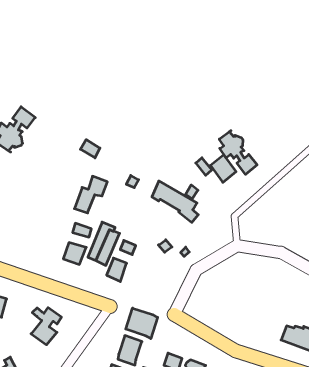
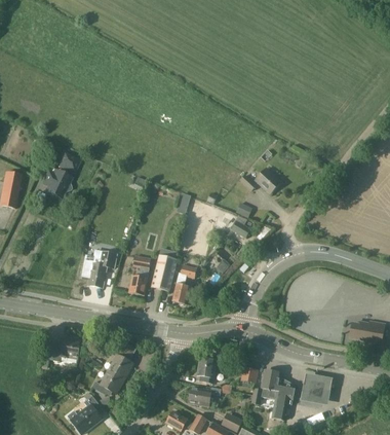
building: [219,131,257,174] -> none
building: [74,176,107,213] -> [89,251,117,287]
building: [126,308,158,339] -> none
building: none -> [92,369,125,394]

